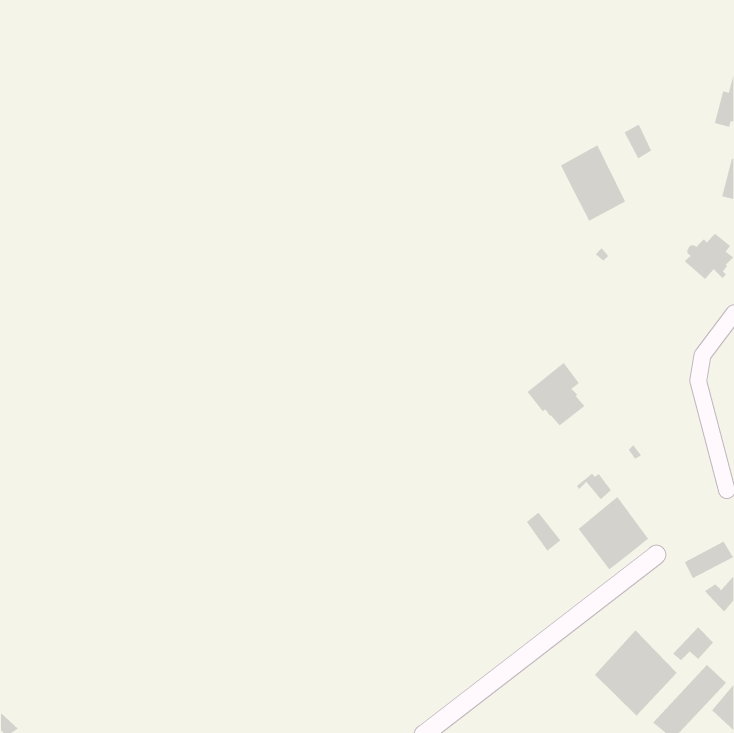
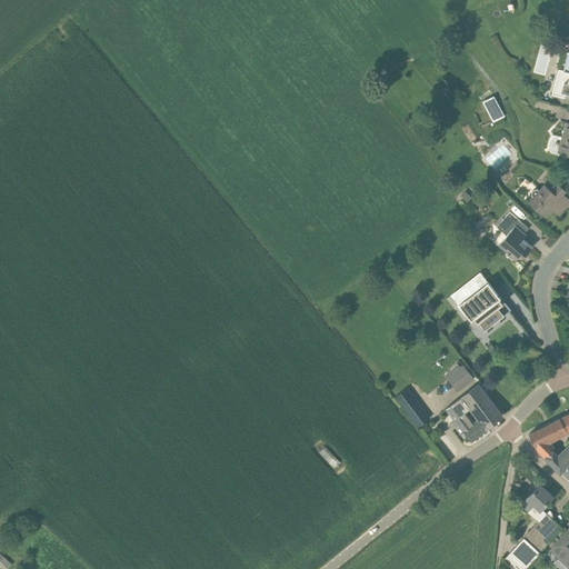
building: [560,144,626,222] -> none
building: none -> [497,213,532,262]
building: [527,362,585,426] -> [459,282,505,332]
building: [594,630,678,716] -> none

